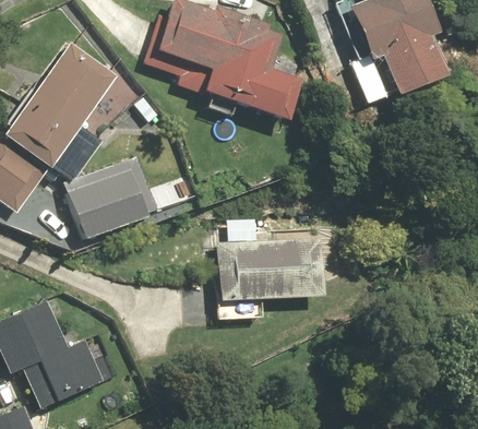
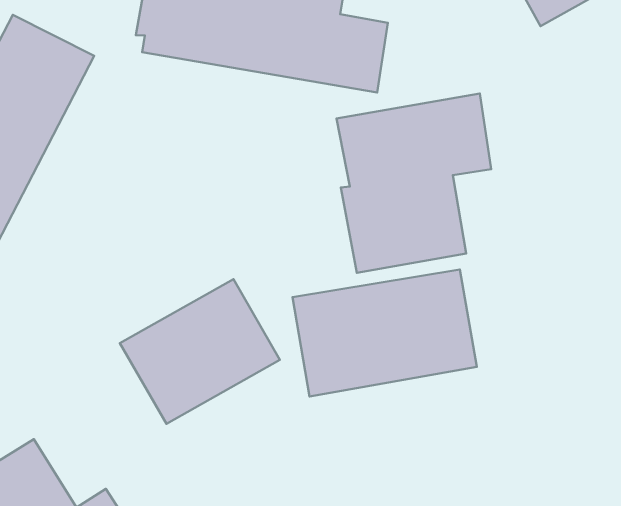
building: none -> [337,94,491,273]
building: [64,155,160,237] -> [120,279,280,424]

